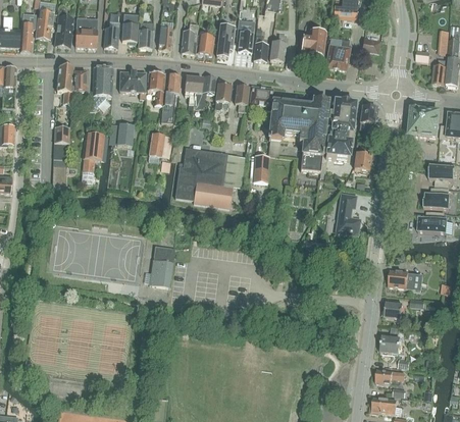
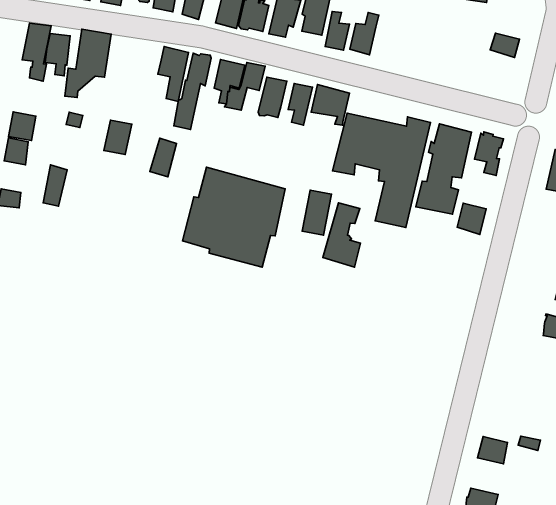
building: [301,30,326,55] -> none
building: [325,42,351,69] -> none
building: [119,71,146,98] -> none
building: [84,131,104,159] -> none
building: [336,194,359,234] -> [323,203,361,267]
building: [149,245,175,286] -> none
building: [389,270,423,291] -> none

